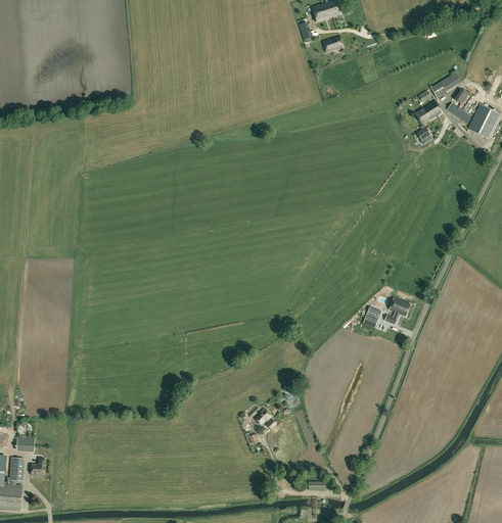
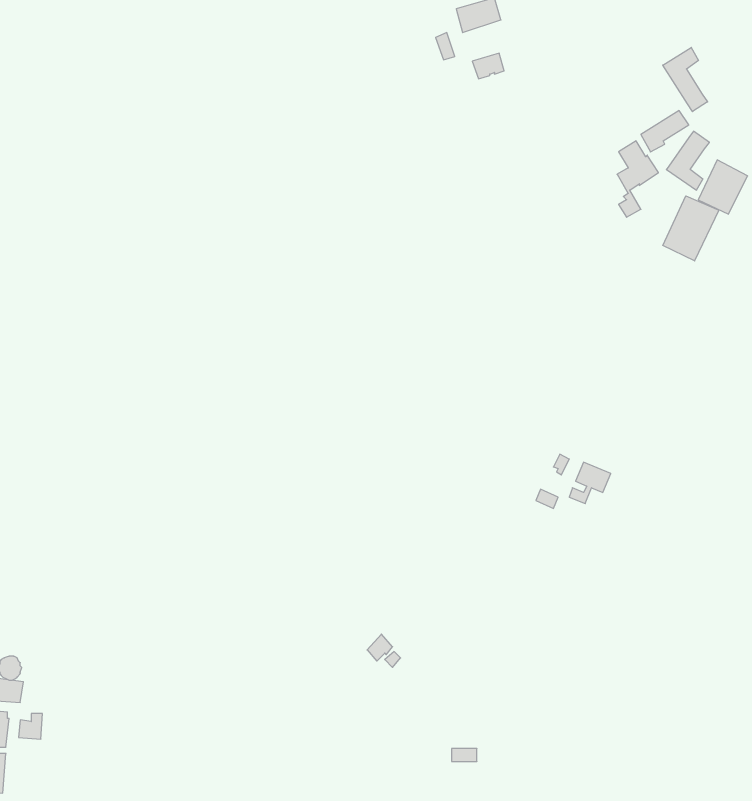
building: none -> [663,47,708,112]
building: none -> [663,196,719,261]

